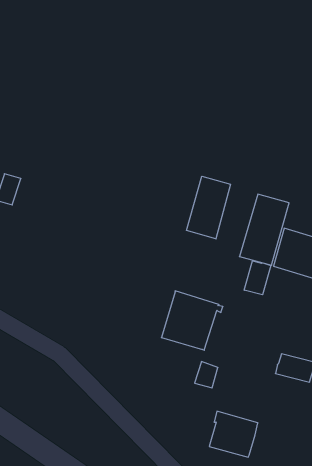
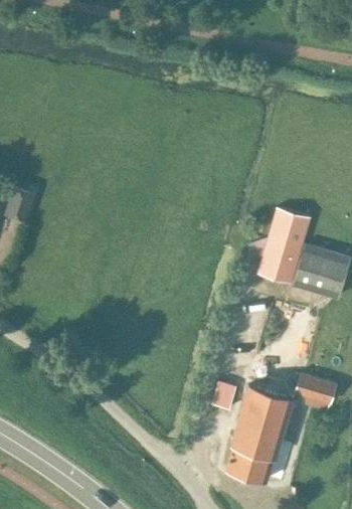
building: [187,176,230,239] -> none
building: [244,261,271,295] -> none
building: [161,291,223,350] -> [233,386,297,448]

